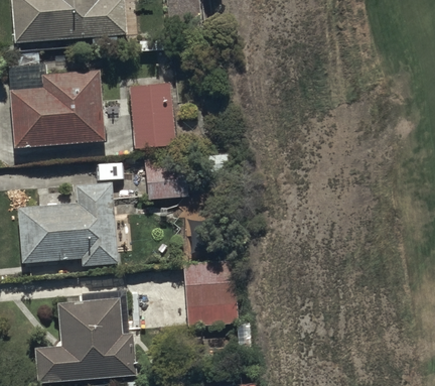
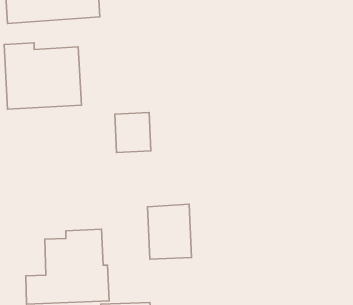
building: [129,84,176,149] -> none
building: [18,184,119,266] -> none

